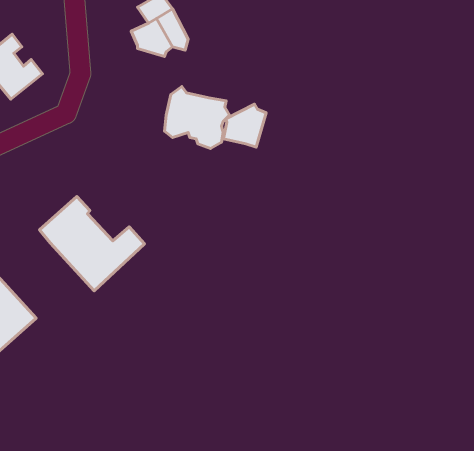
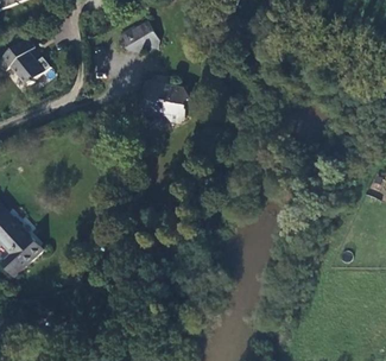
building: [224,104,266,147] -> none
building: [40,196,145,291] -> none

